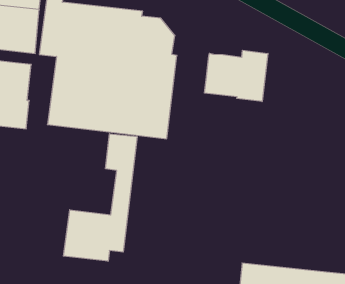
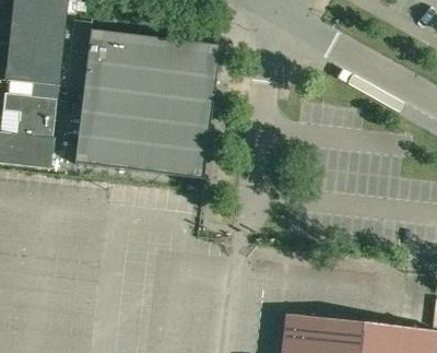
building: [205,50,268,102] -> none
building: [63,134,137,261] -> none

